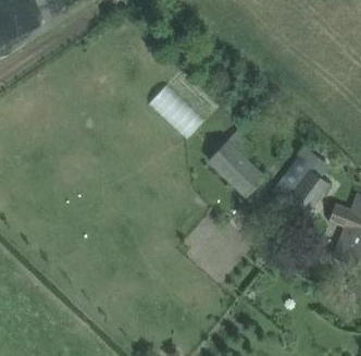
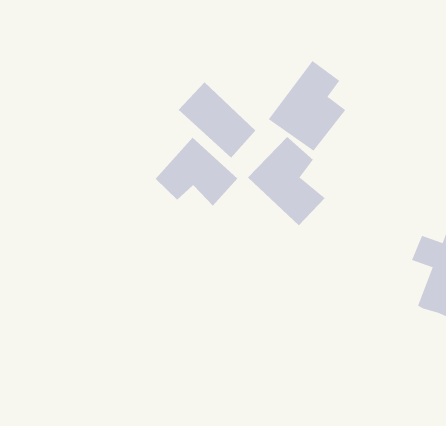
building: none -> [155,137,238,207]
building: [272,148,329,216] -> [268,60,346,152]

